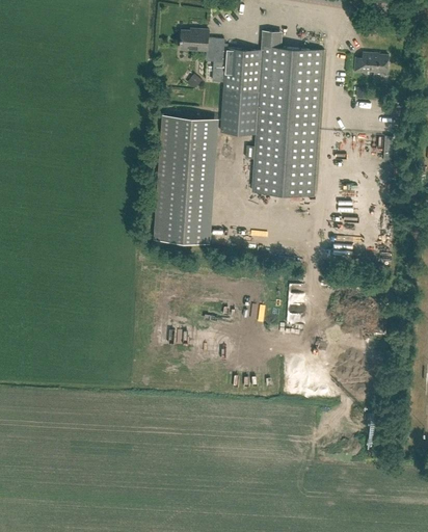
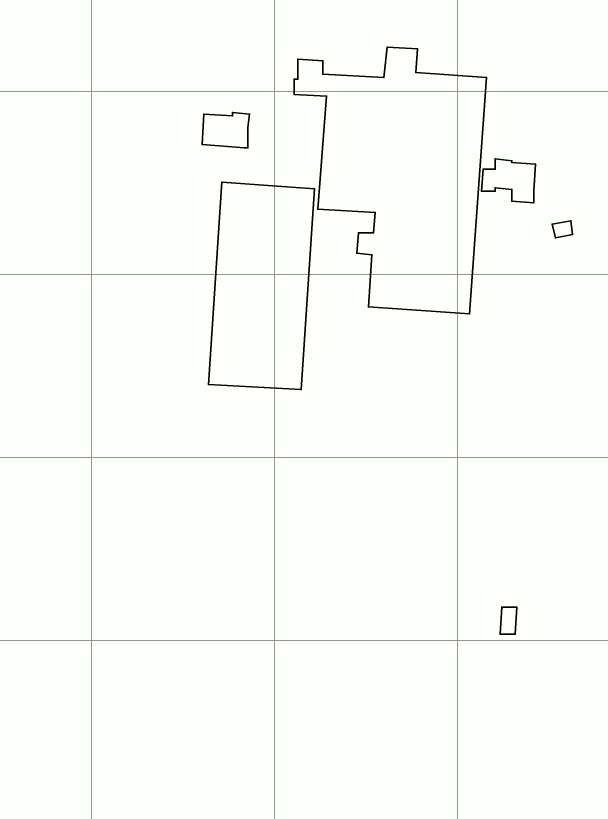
building: [180,29,209,51] -> [202,112,249,148]
building: [354,52,387,79] -> [482,159,536,203]

